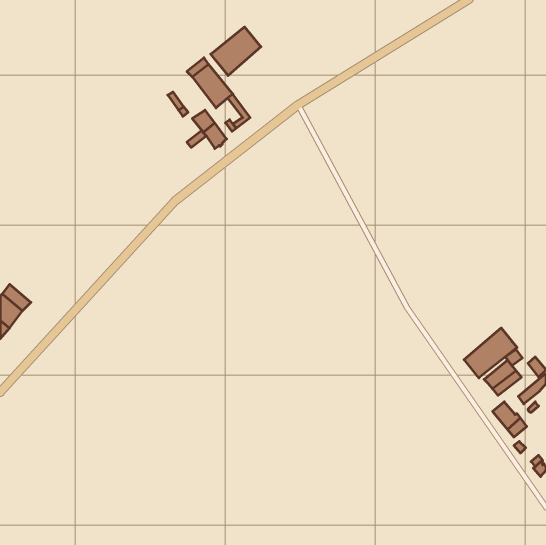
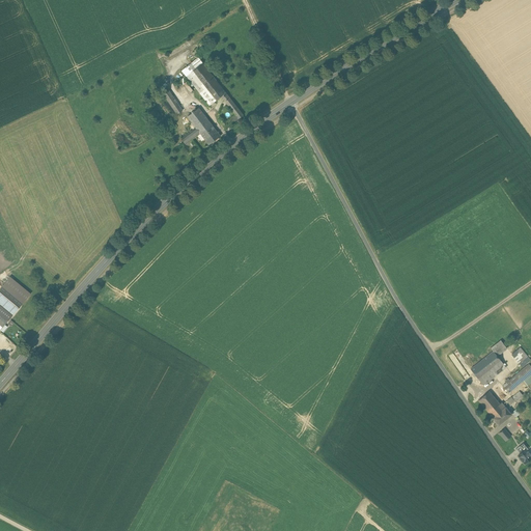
building: [211,27,261,76] -> none
building: [464,328,517,378] -> none

